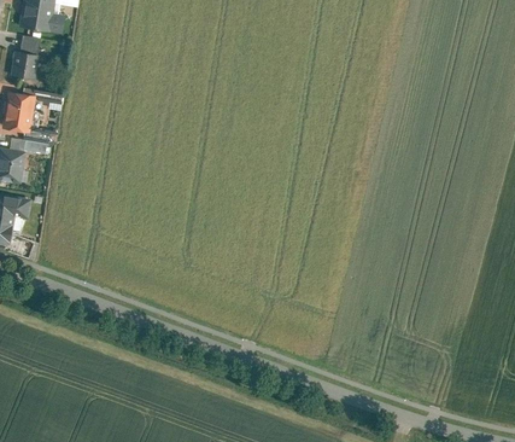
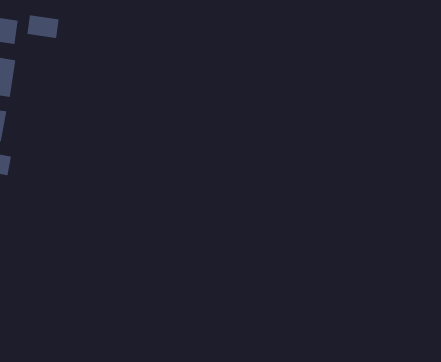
building: none -> [27,15,59,39]

